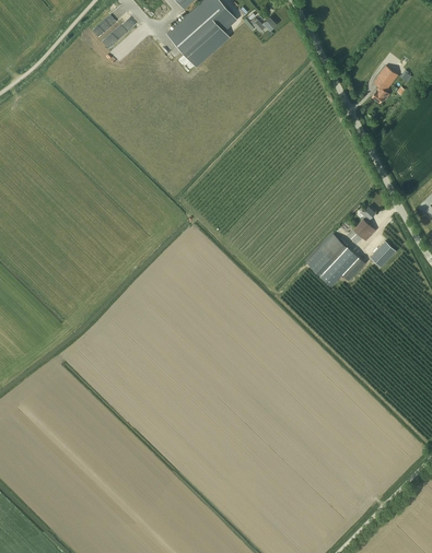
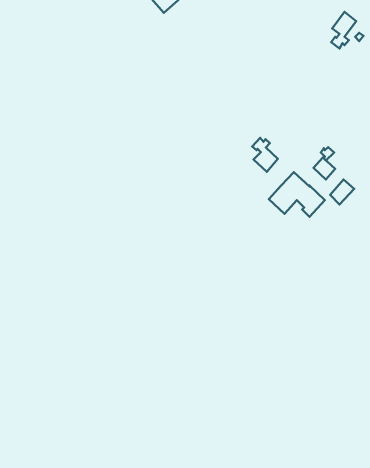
building: none -> [252,138,278,172]

